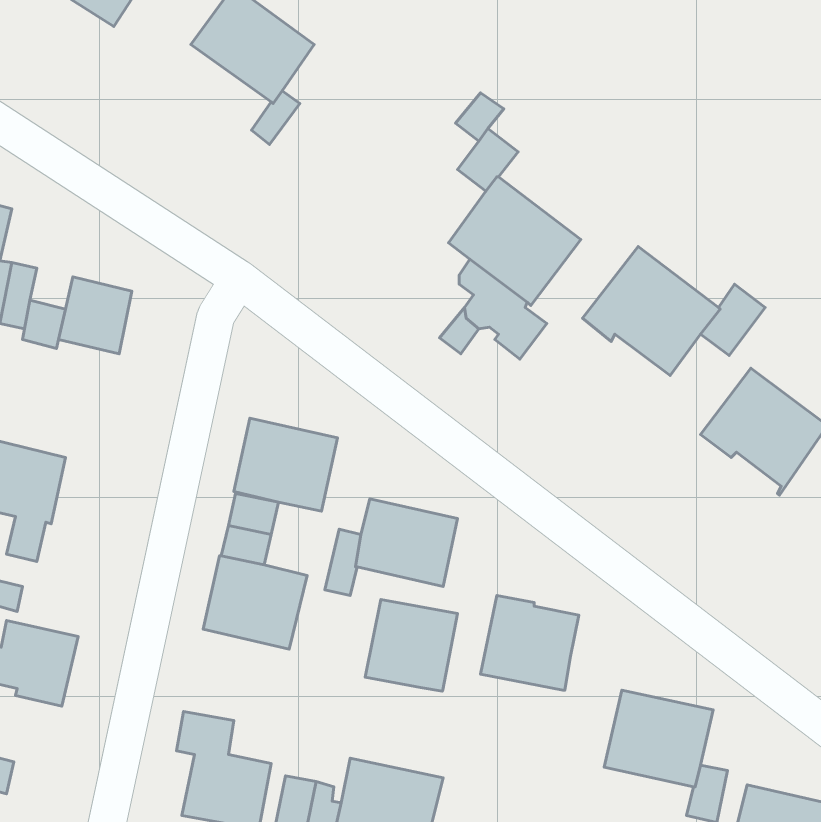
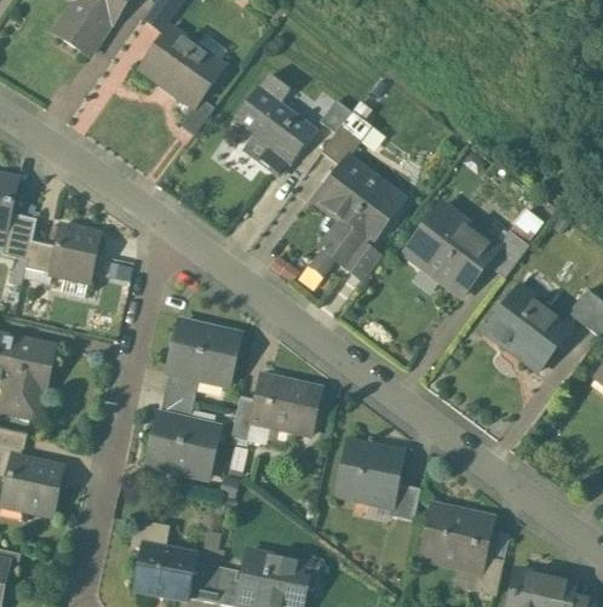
building: none -> [231,74,316,176]
building: [365,599,458,691] -> none
building: none -> [389,483,419,521]

